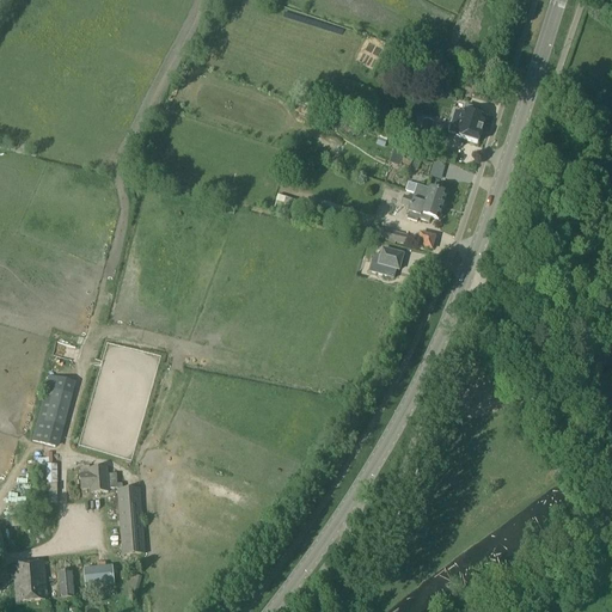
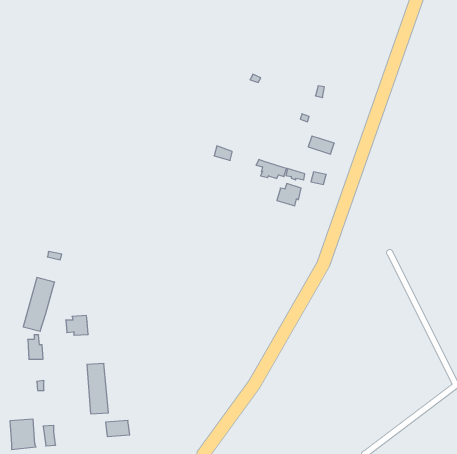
building: [449,102,486,140] -> none
building: [402,194,442,219] -> [256,160,287,178]
building: [80,464,110,490] -> [66,316,88,335]
building: [84,563,116,585] -> [106,420,130,437]

